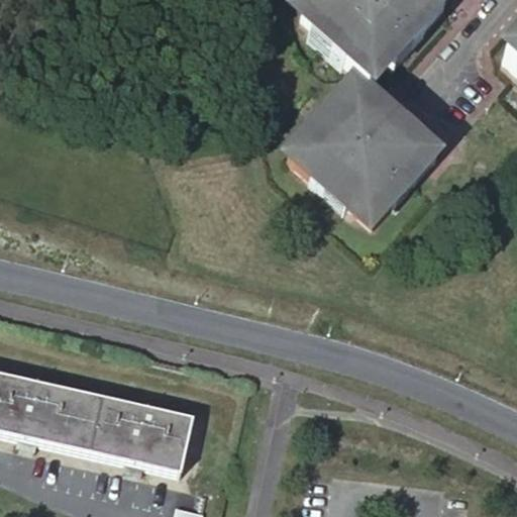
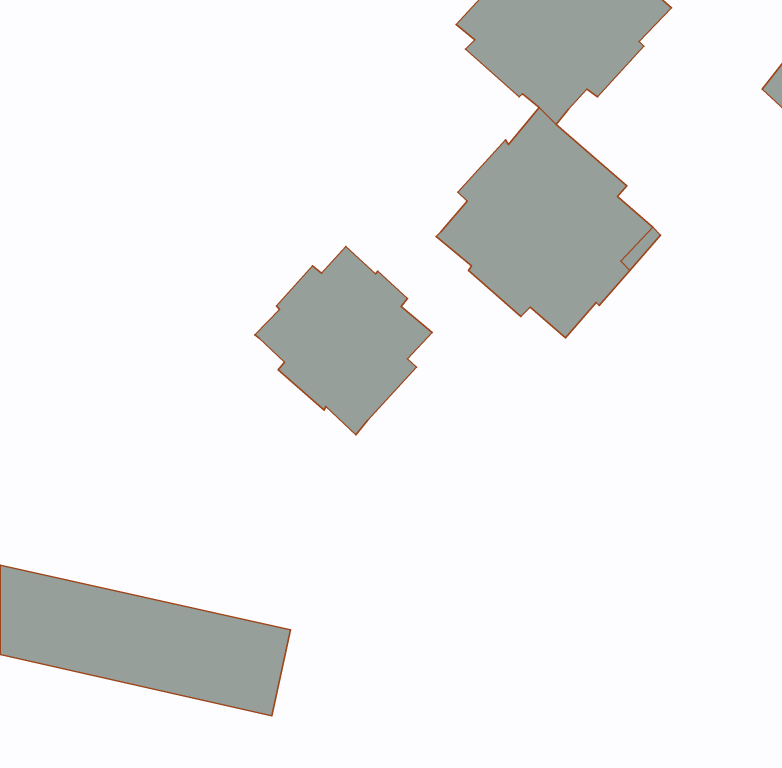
building: none -> [255,246,432,435]

